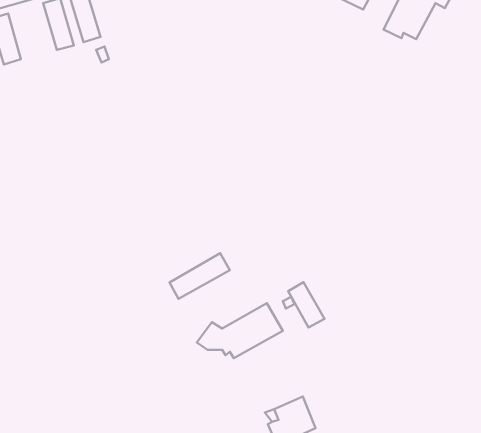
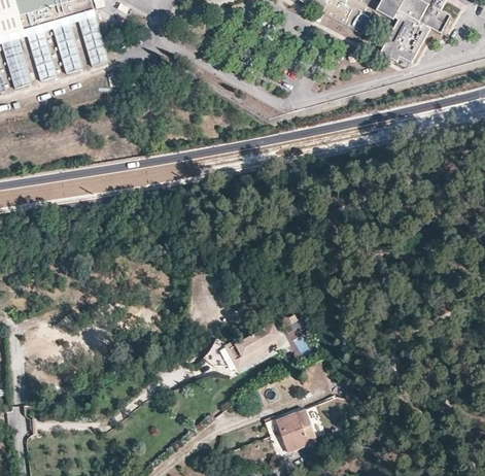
building: none -> [27,27,57,77]
building: [170,253,230,299] -> none
building: [288,282,324,328] -> none

